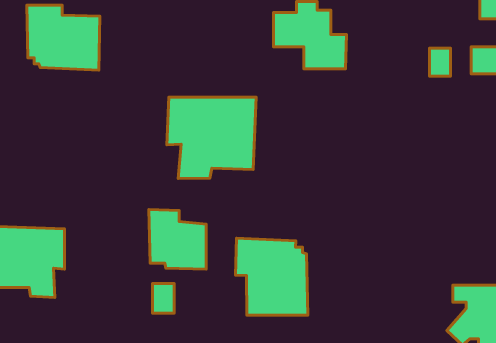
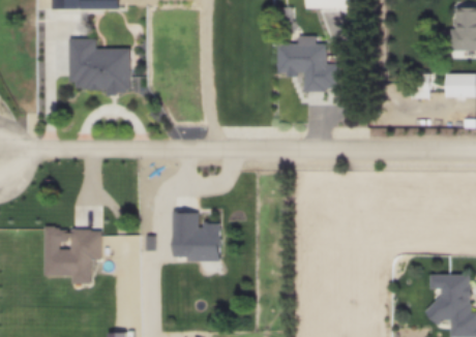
building: [167,97,256,179] -> none
building: [235,238,308,315] -> none
building: [153,284,174,313] -> none

